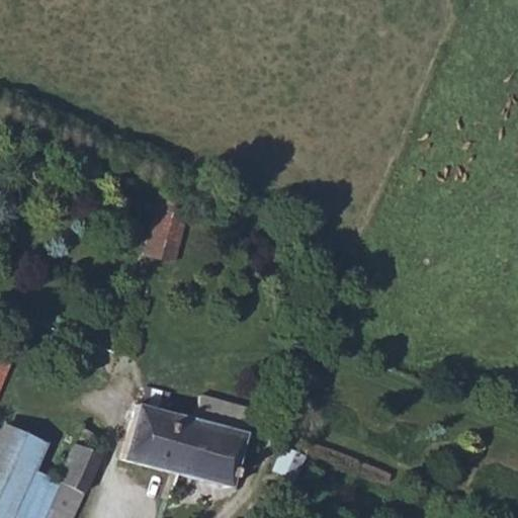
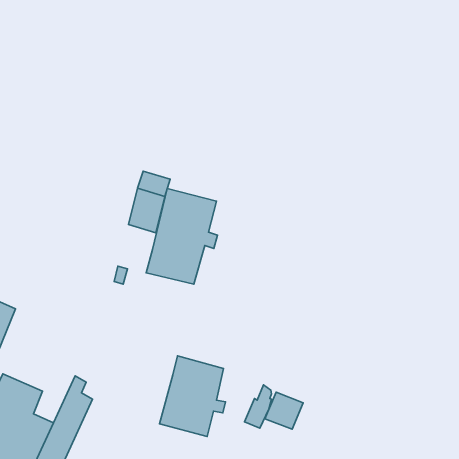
building: none -> [146,189,217,284]
building: [120,386,193,478] -> none
building: none -> [265,392,303,429]

